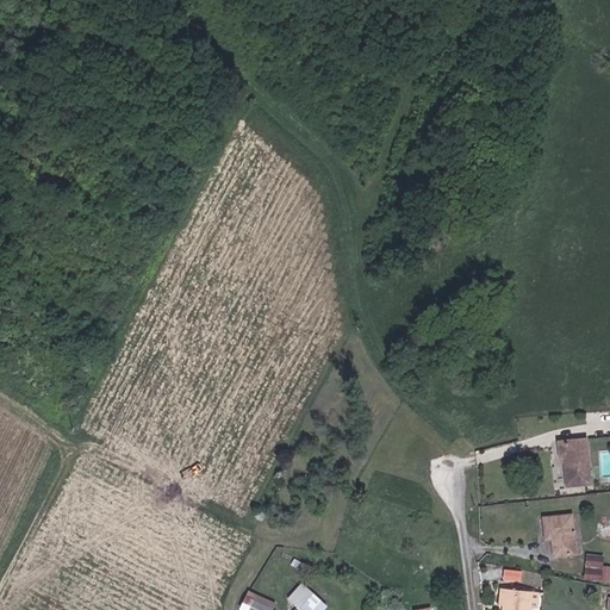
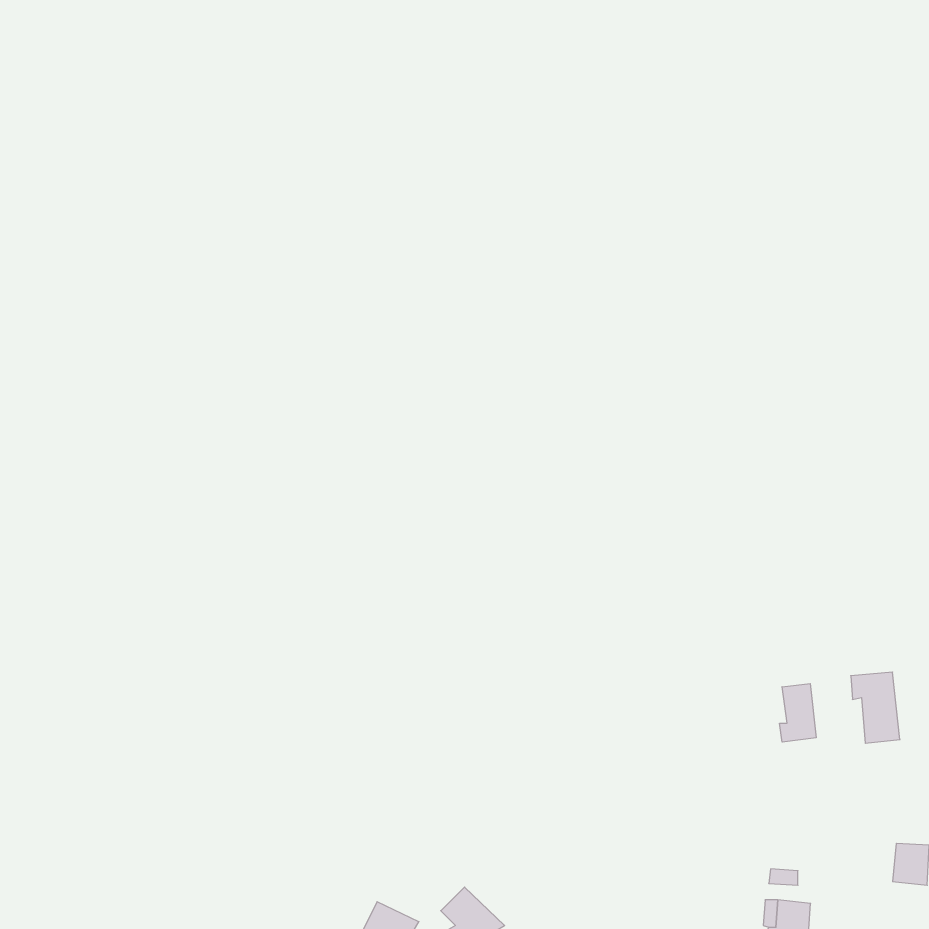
building: none -> [780,684,816,742]
building: [542,517,574,558] -> none

